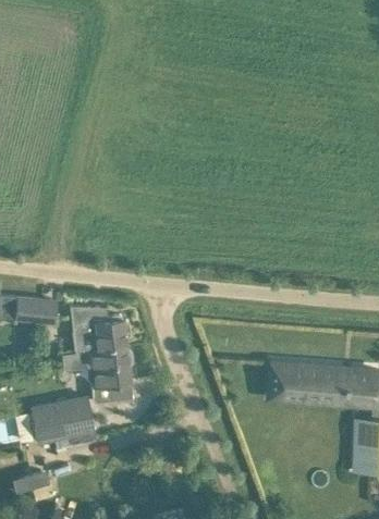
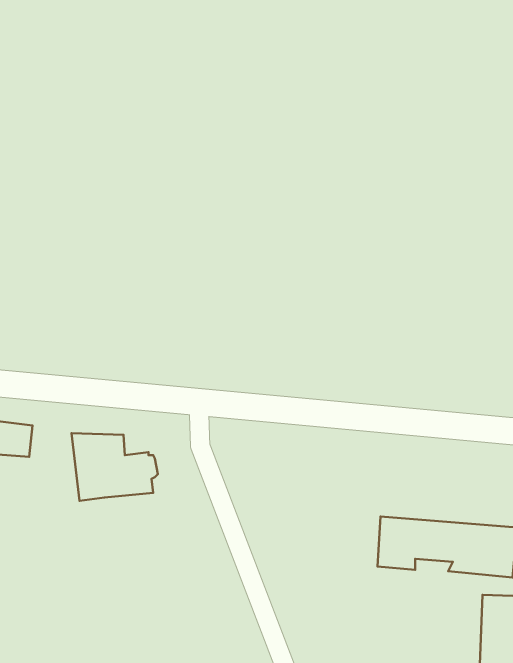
building: [75,347,133,403] -> none
building: [33,399,91,440] -> none

